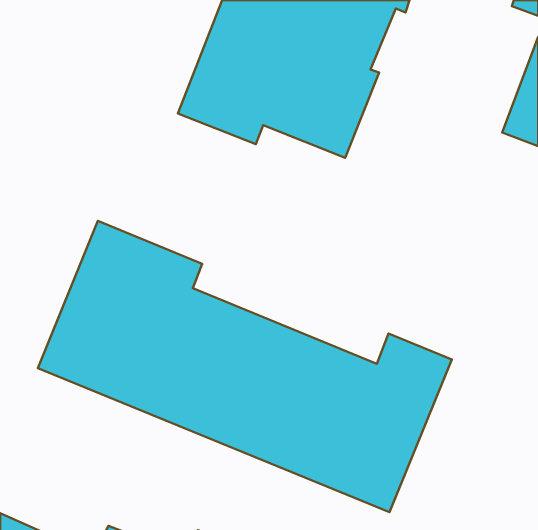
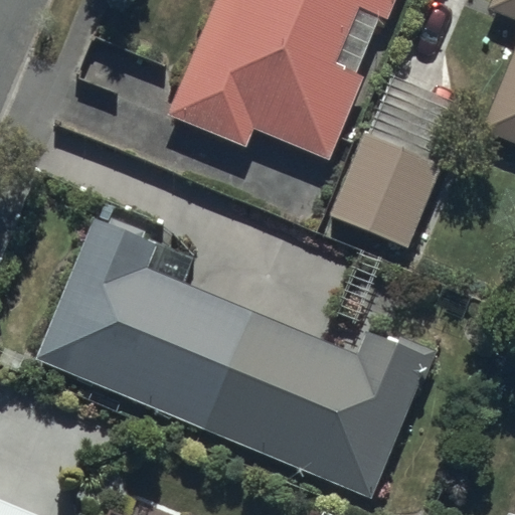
building: none -> [330,135,442,247]

